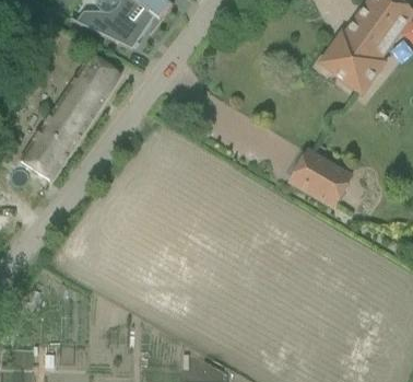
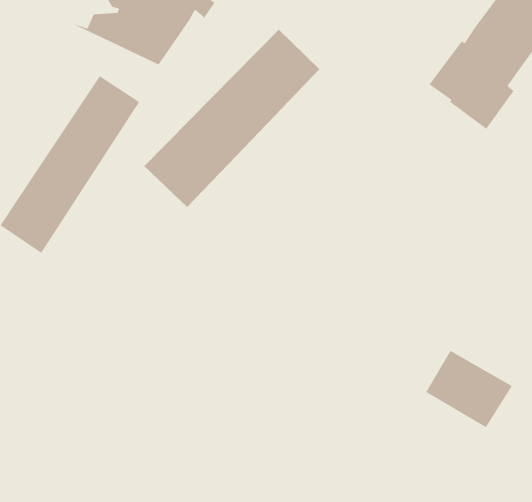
building: none -> [144,29,320,208]
building: [290,150,351,205] -> [425,350,513,428]

